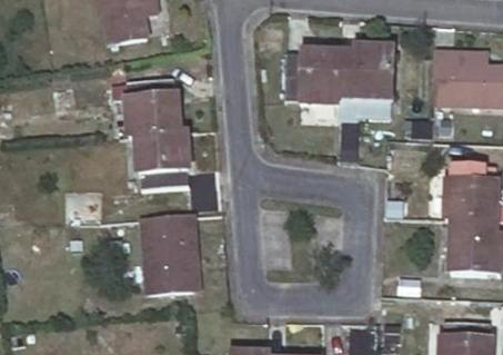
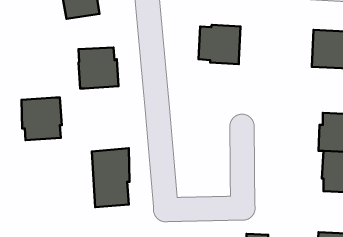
building: [338,48,396,122] -> none
building: [134,131,188,188] -> [21,97,62,140]

